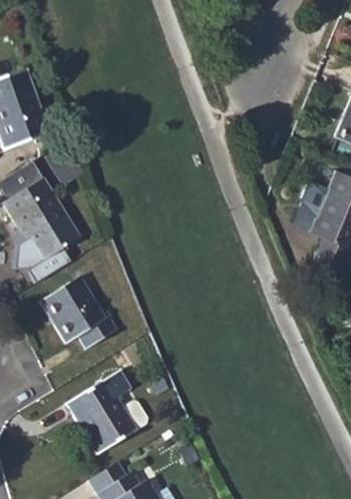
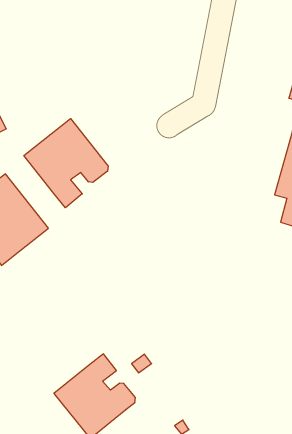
building: none -> [24,119,108,208]
building: [41,278,116,349] -> none

